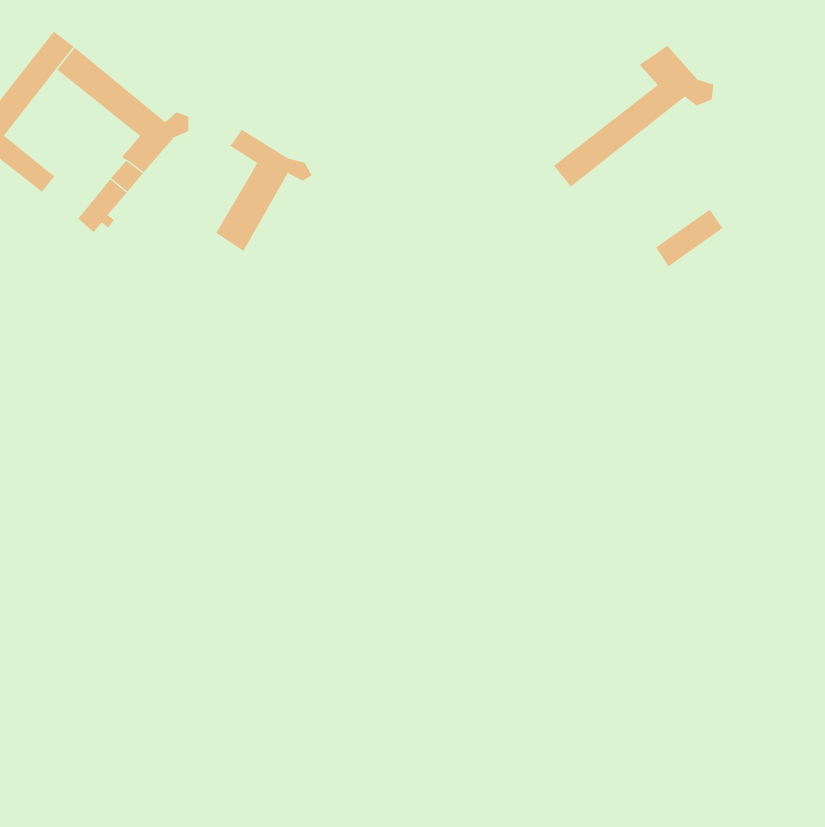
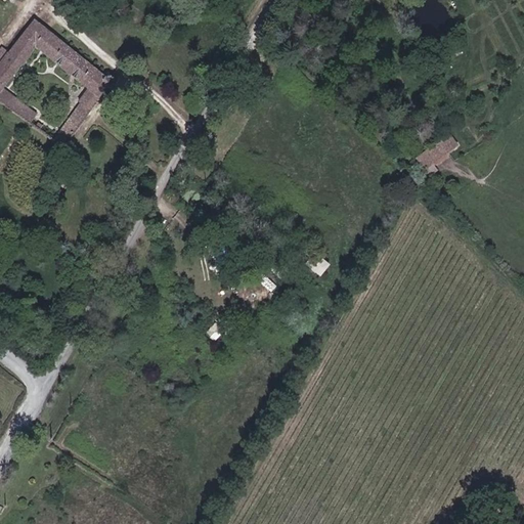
building: [553,45,714,187] -> none
building: [215,129,312,252] -> none

